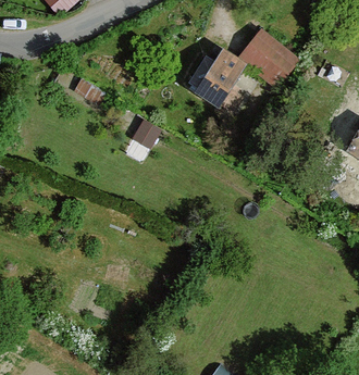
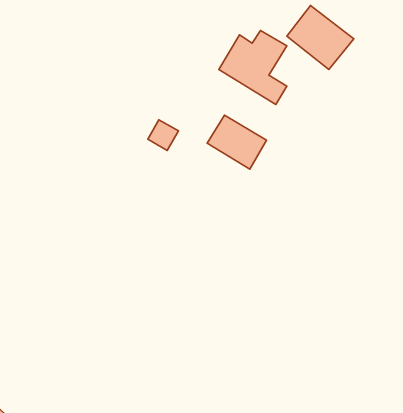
building: none -> [207,115,266,169]

